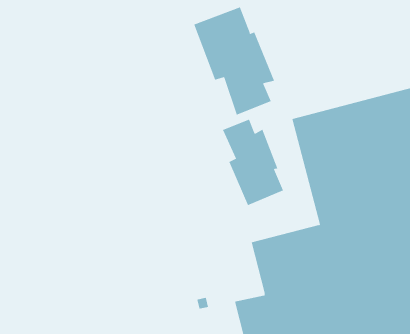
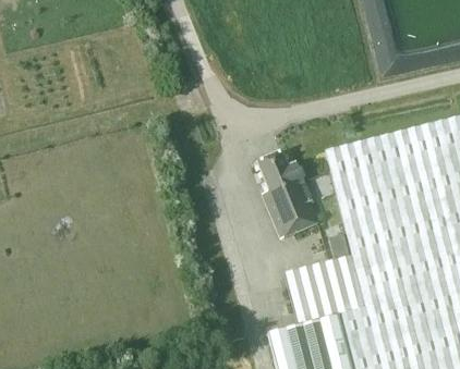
building: [194,7,275,115] -> none

